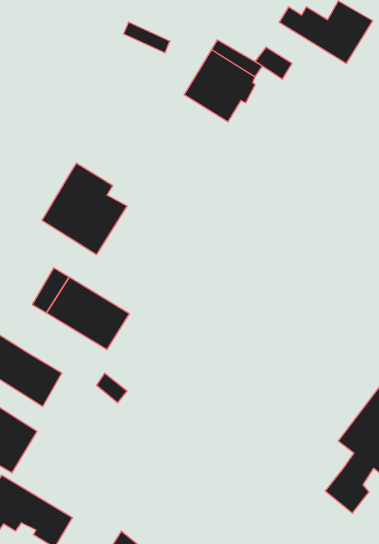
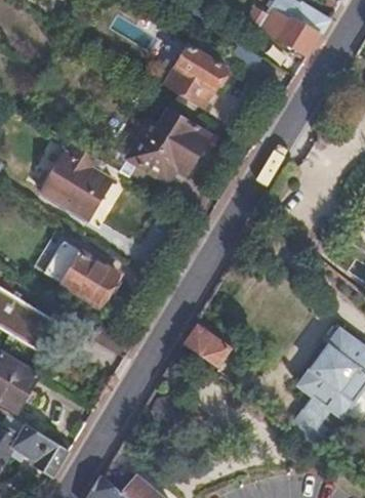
building: none -> [118,111,208,191]
building: none -> [187,325,230,364]

